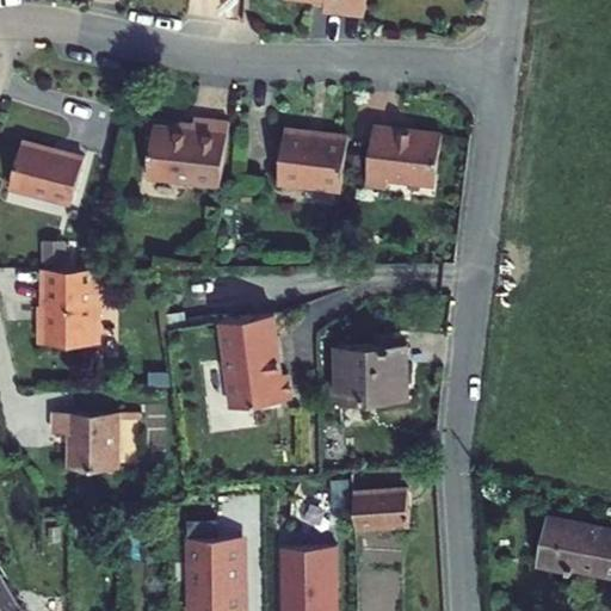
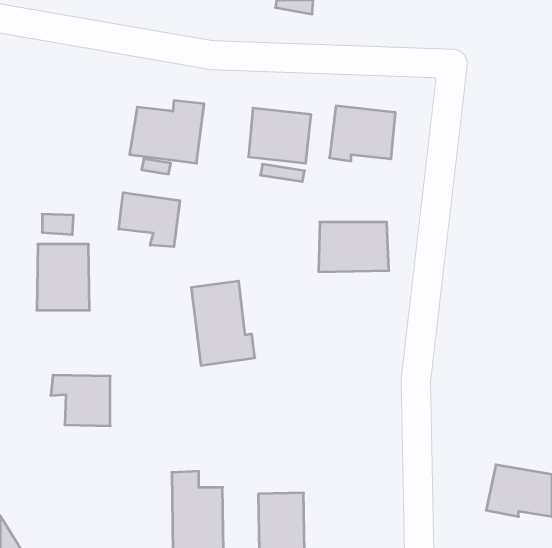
building: [5,131,79,196] -> none
building: none -> [119,193,180,247]
building: [339,353,416,408] -> [319,222,389,272]
building: [353,492,414,532] -> none

